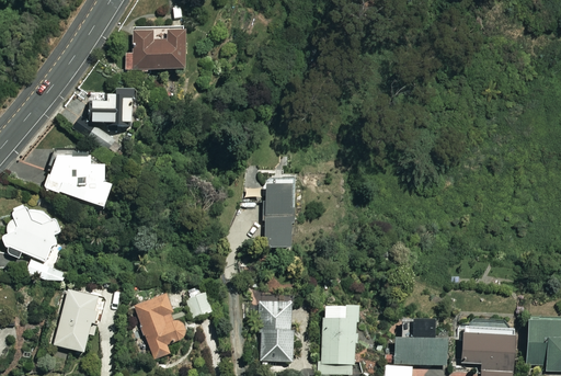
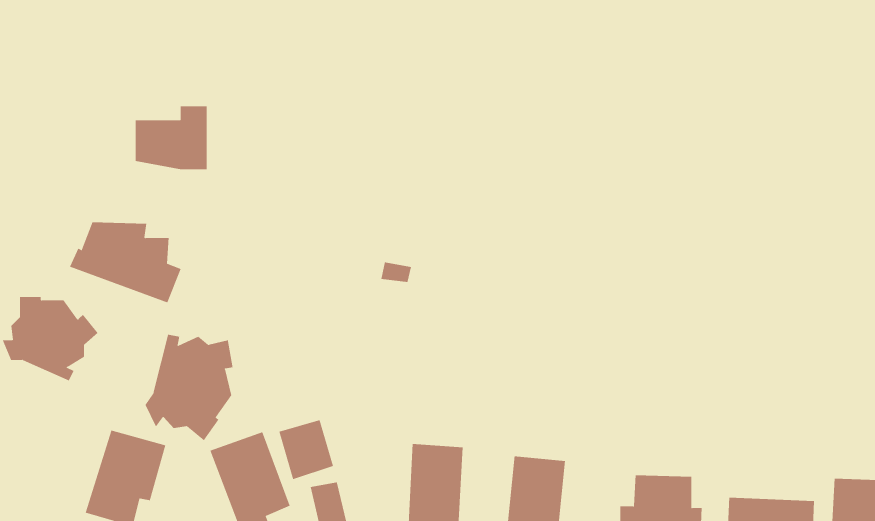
building: [123,30,185,70] -> none
building: [262,169,295,248] -> none
building: none -> [145,334,233,441]

